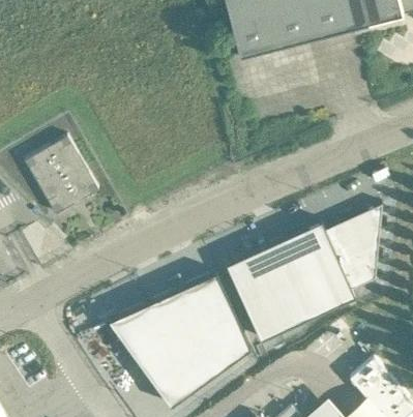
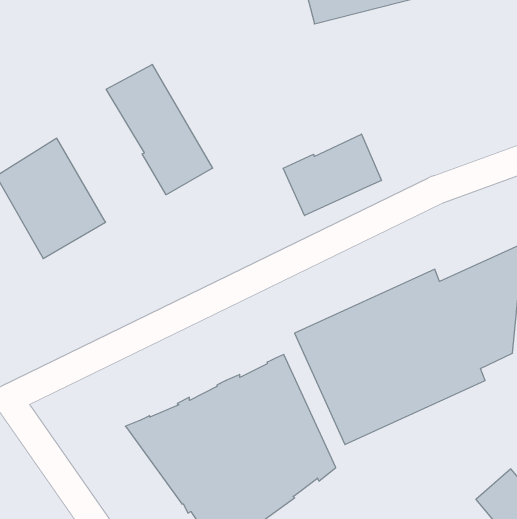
building: none -> [106,64,213,195]
building: none -> [283,134,381,216]

